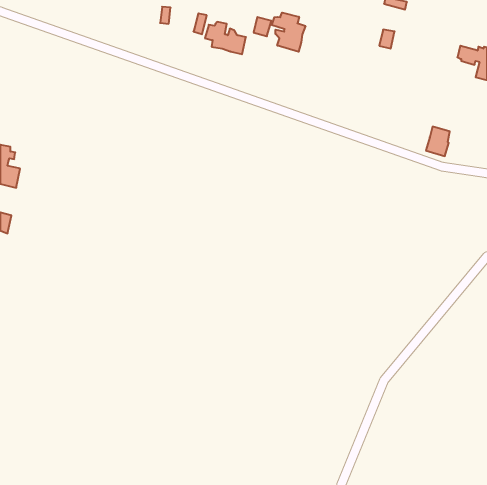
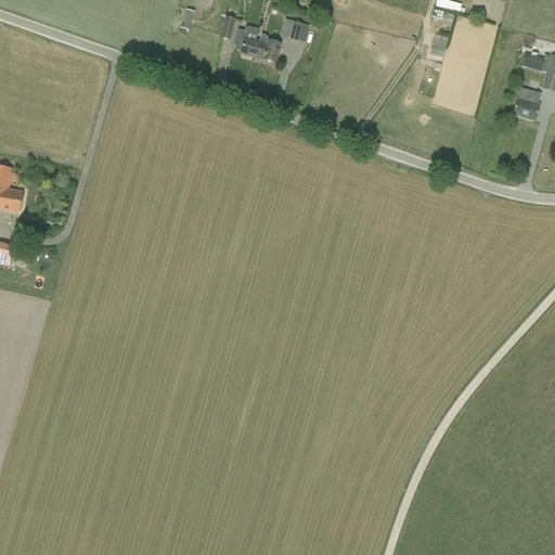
building: [272,13,305,52] -> none
building: [426,127,450,156] -> [513,87,540,120]

